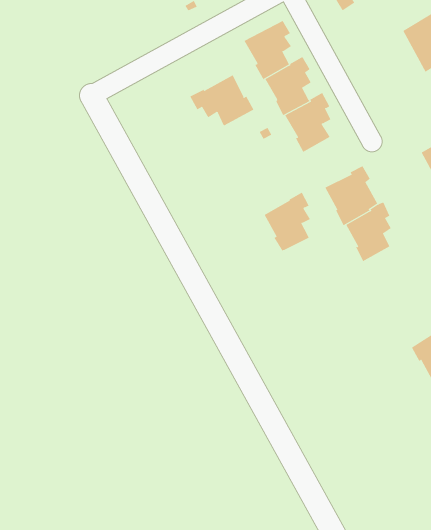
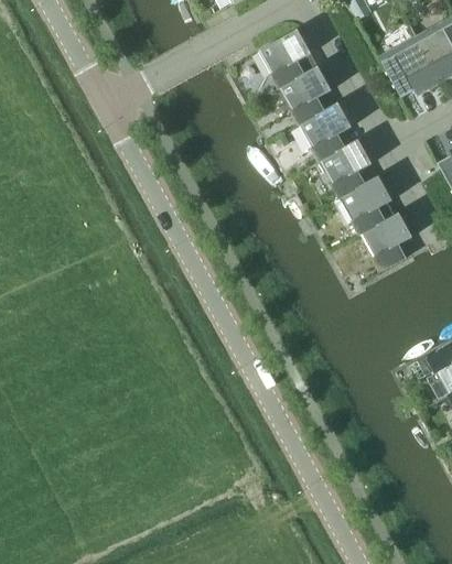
building: none -> [381,40,442,97]
building: [189,75,254,126] -> none
building: [264,192,311,252] -> [321,138,368,198]

